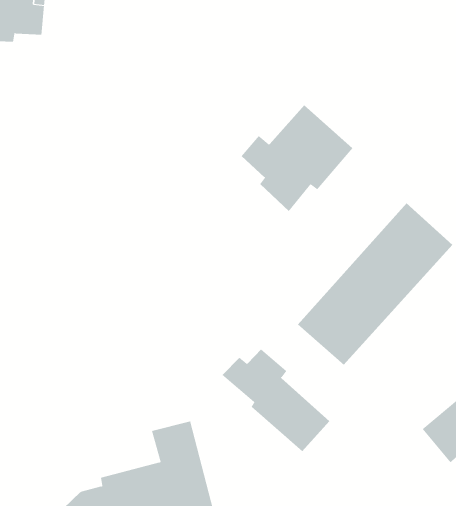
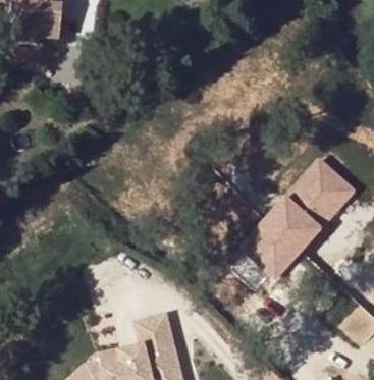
building: [241,105,353,212] -> none
building: [221,348,330,452] -> none

